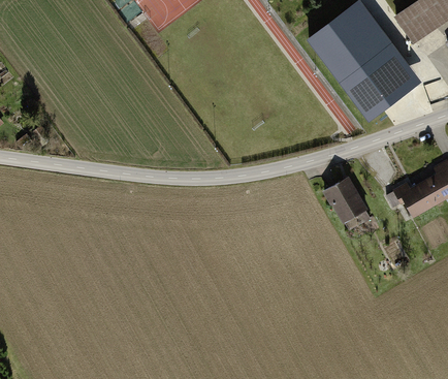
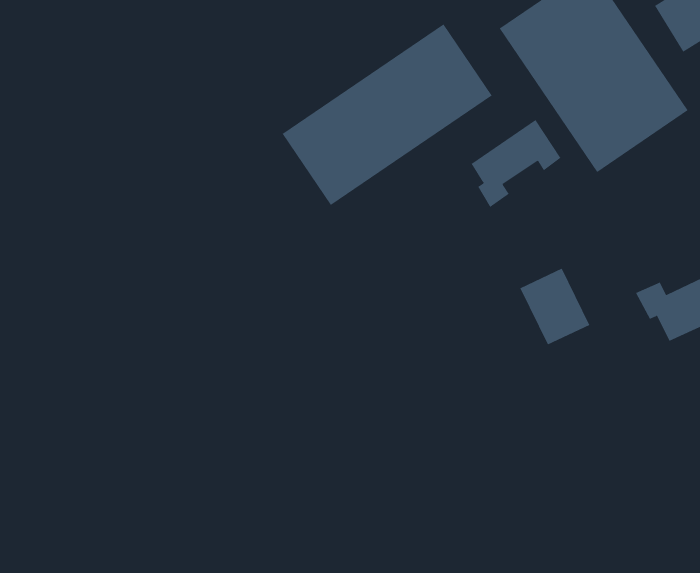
building: none -> [282,23,492,206]
building: none -> [471,119,561,208]

